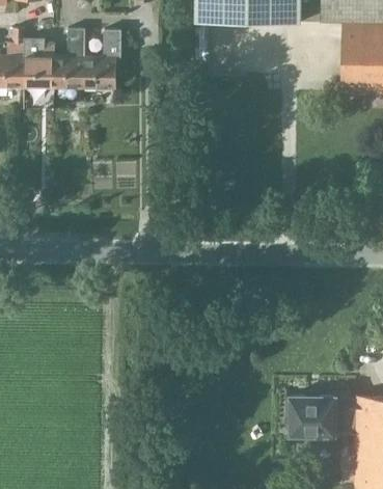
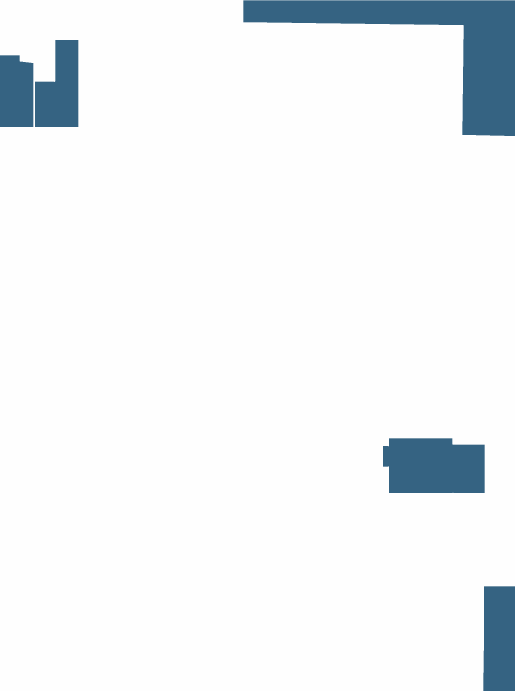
building: [86,31,122,90] -> none
building: [289,397,358,434] -> [382,438,485,493]

